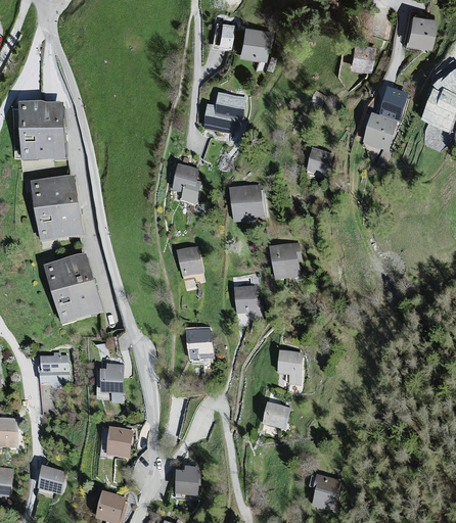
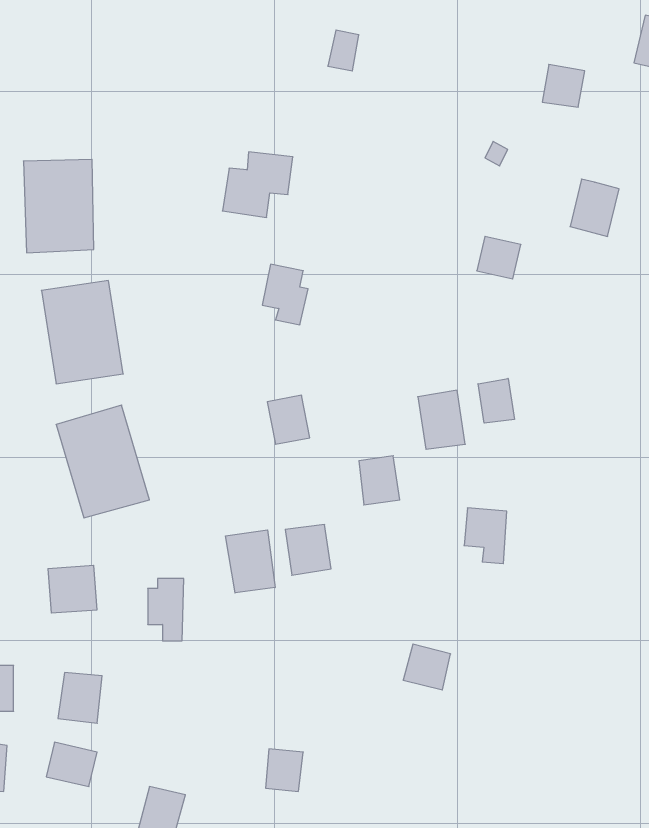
building: [237,22,272,58] -> none
building: [380,86,408,121] -> none
building: [204,91,248,132] -> [222,152,293,217]
building: [230,185,263,224] -> none
building: none -> [478,378,514,423]
building: none -> [226,530,275,593]
building: [276,350,303,385] -> [464,508,507,564]
building: [104,427,132,459] -> [58,673,102,723]
building: [311,476,343,511] -> none

